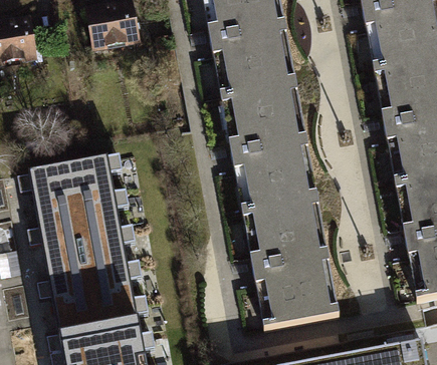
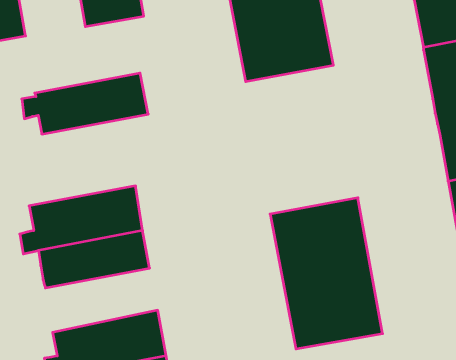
building: [222,83,318,211] -> none
building: [19,151,128,204] -> [22,73,148,134]
building: [38,257,147,312] -> none

